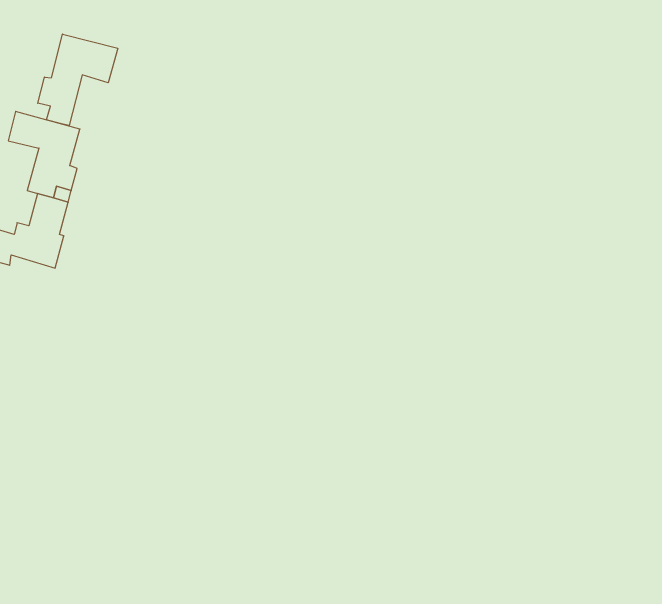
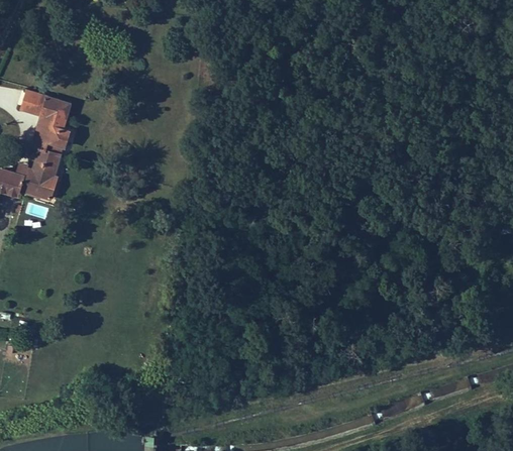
building: [38,34,118,126] -> none

